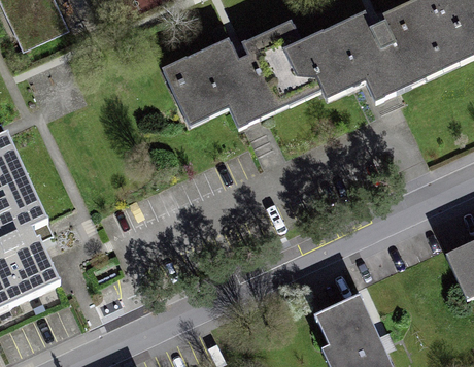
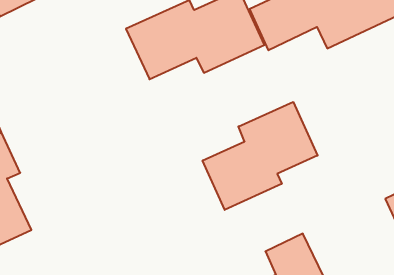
building: none -> [203,102,318,210]

